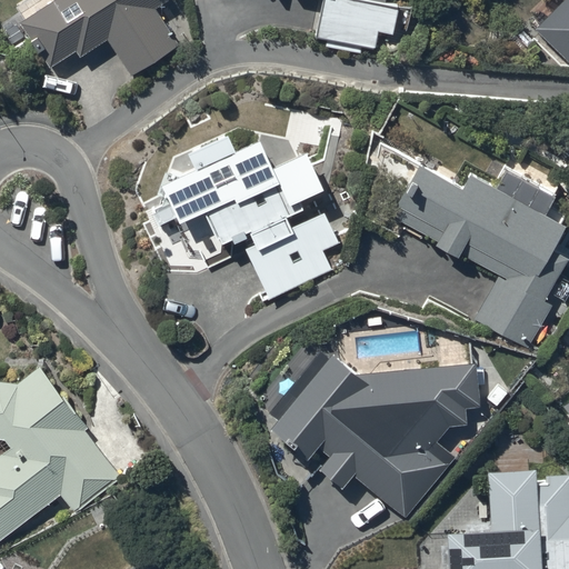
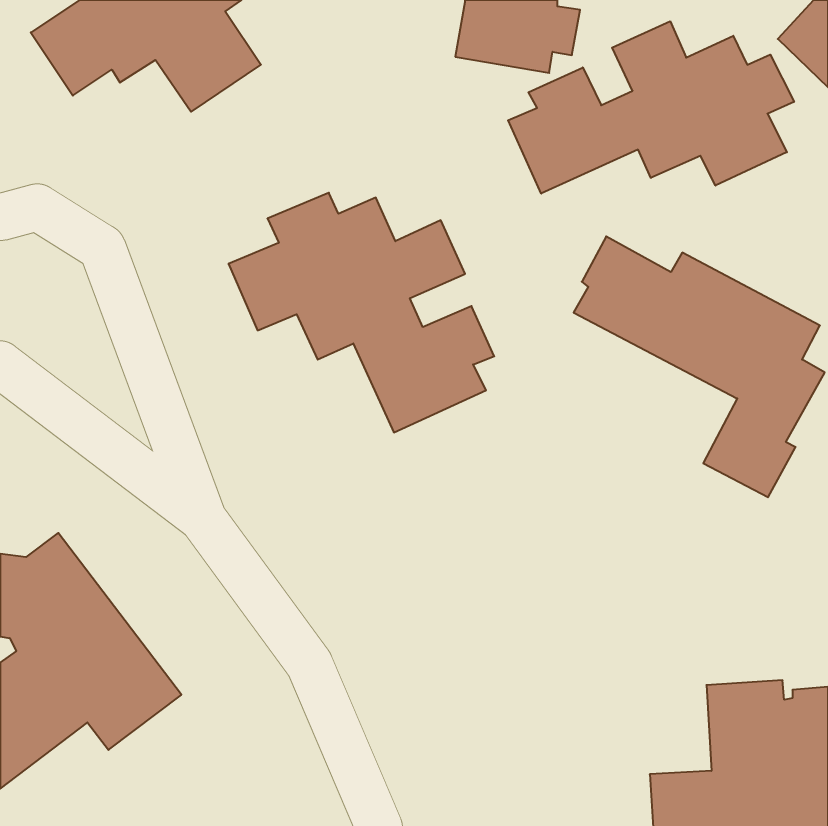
building: none -> [508,21,794,194]
building: [270,353,480,515] -> none

